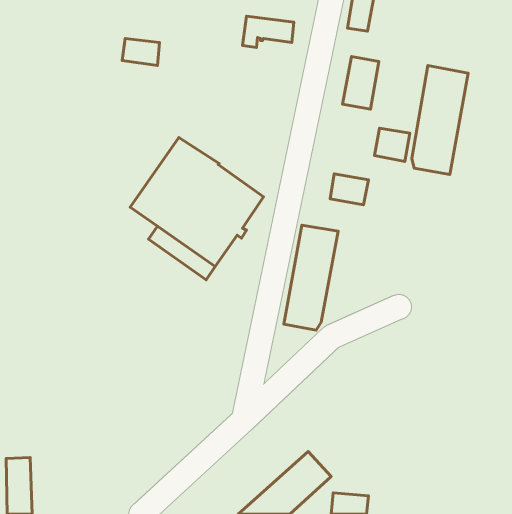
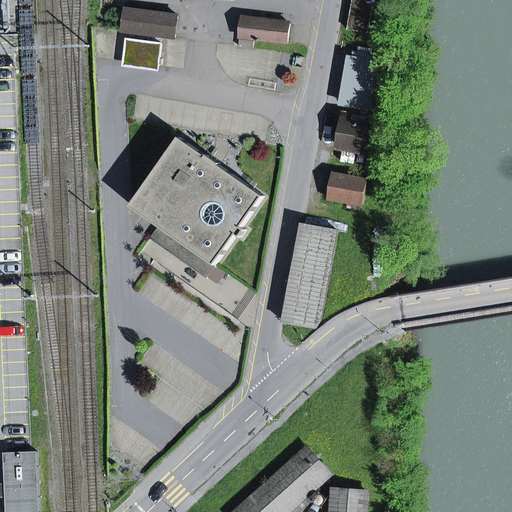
building: none -> [120,8,175,37]
building: [412,65,468,174] -> none
building: [375,128,410,161] -> [335,118,370,151]

